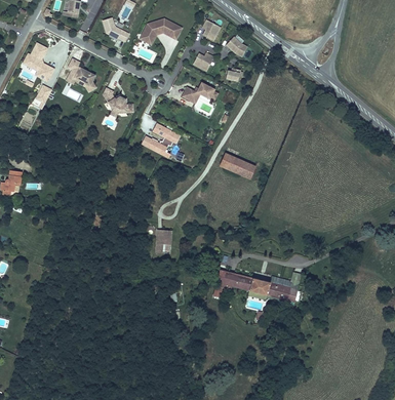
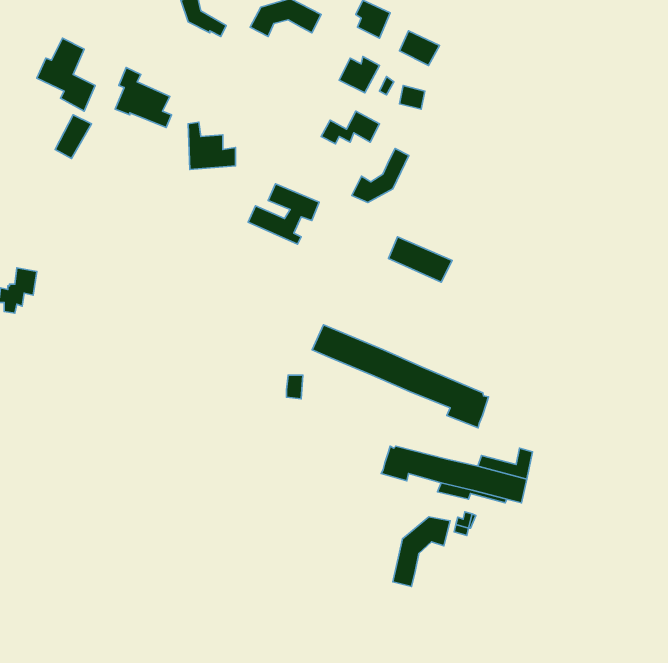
building: none -> [352,148,409,203]
building: none -> [312,325,488,428]
building: none -> [393,517,450,587]

